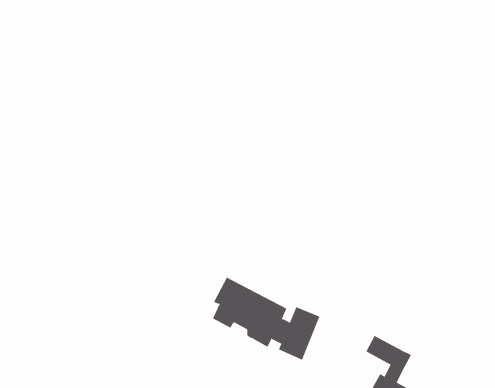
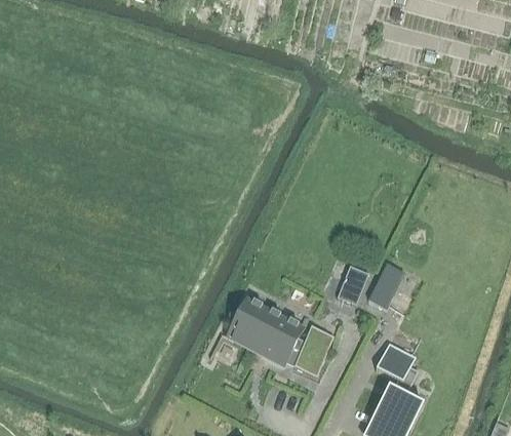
building: none -> [367,264,403,308]
building: none -> [337,267,367,305]

